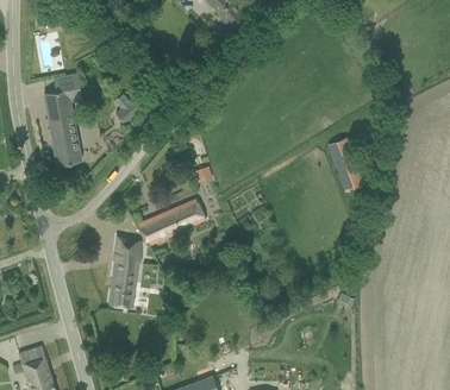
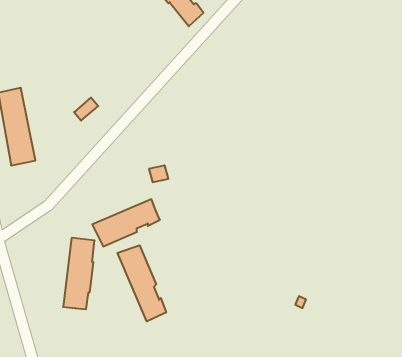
building: [329,138,363,190] -> none
building: none -> [117,245,166,321]

